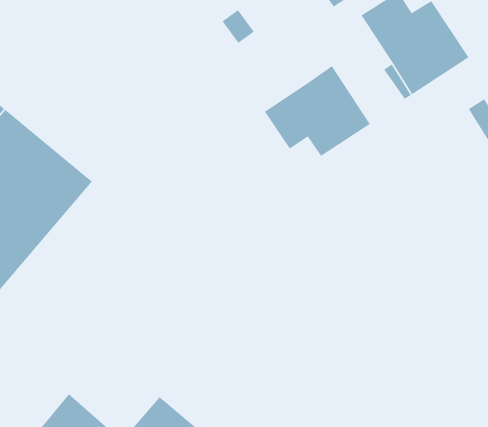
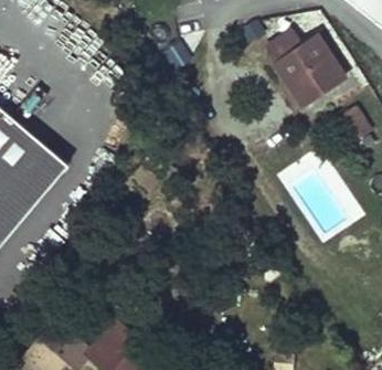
building: [264,65,371,157] -> none

